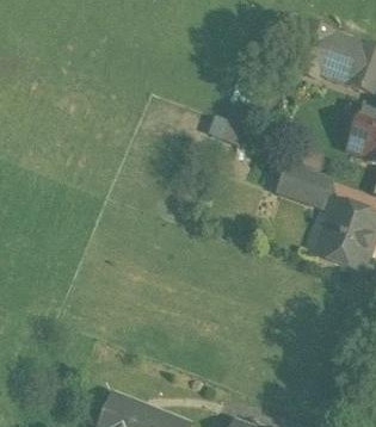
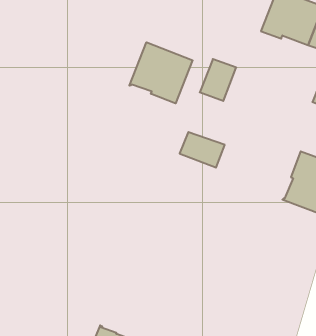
building: none -> [129,42,193,103]
building: [279,163,329,203] -> [180,132,225,168]

